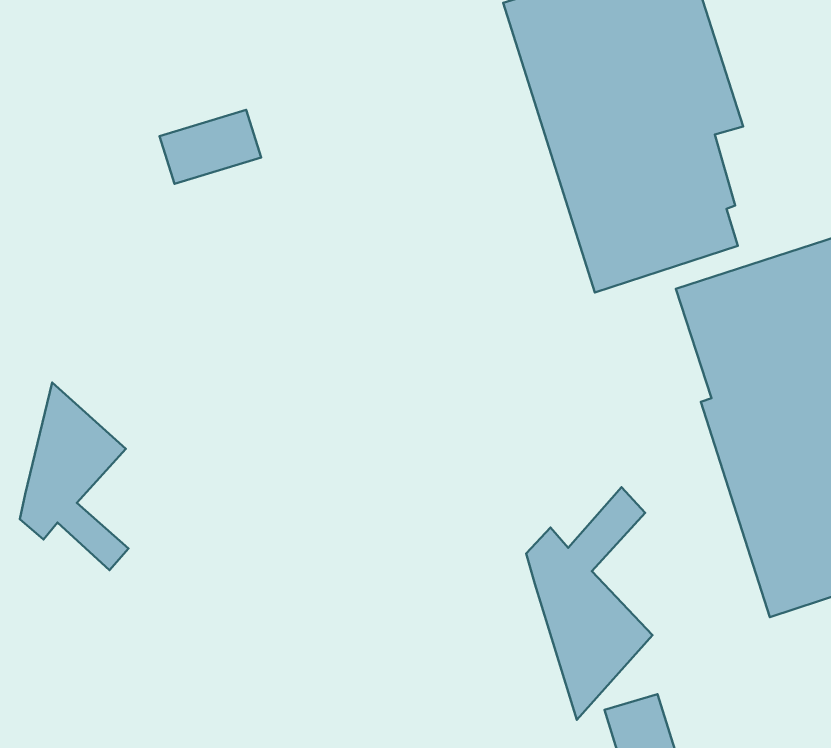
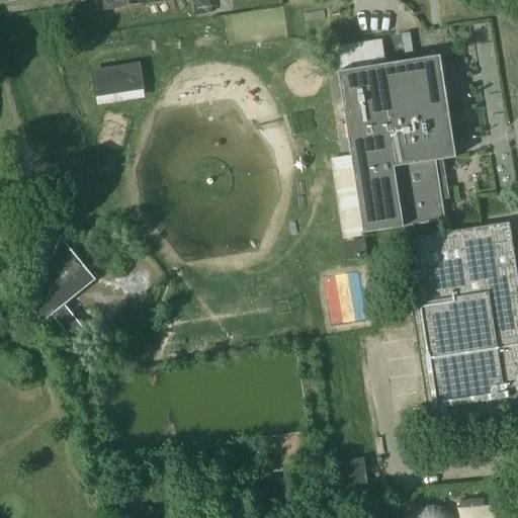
building: [159,110,261,184] -> [92,61,146,95]
building: [526,487,653,720] -> none

